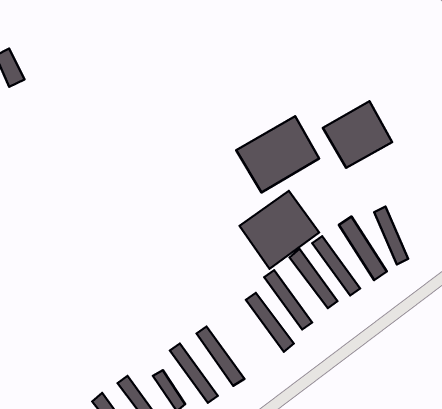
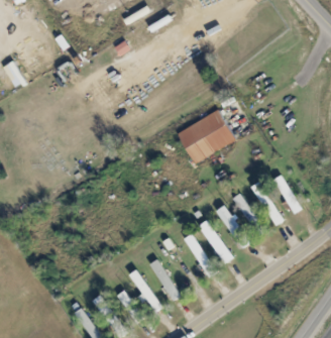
building: [323,101,392,168] -> none
building: [239,191,319,269] -> none

